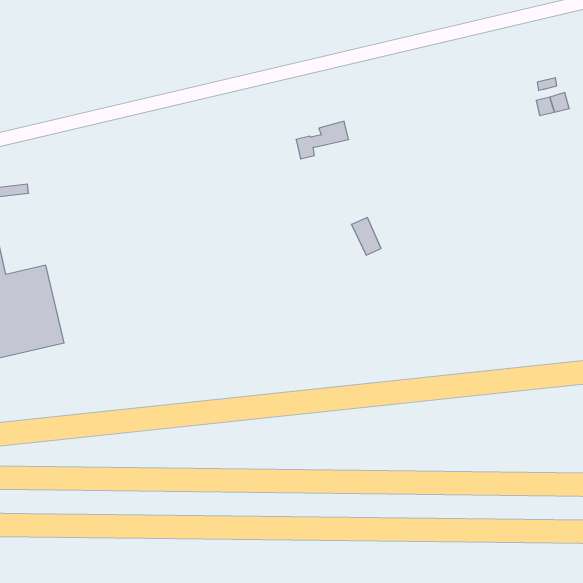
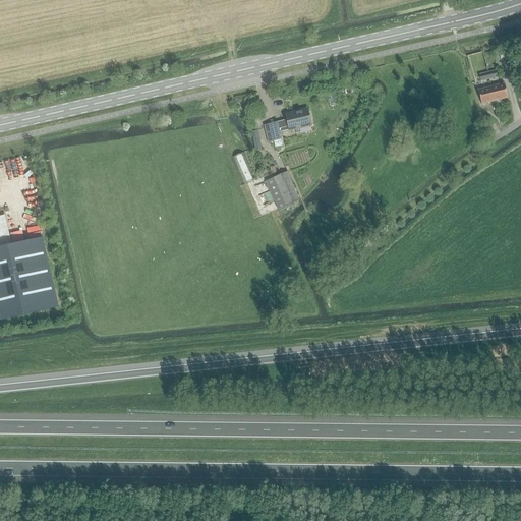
building: [351,218,381,255] -> [272,171,298,205]

